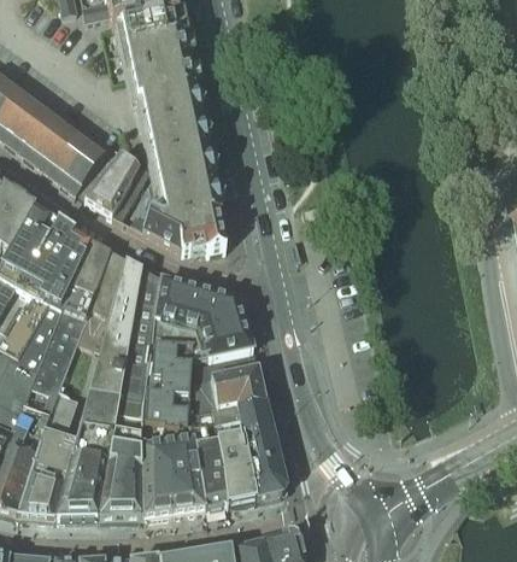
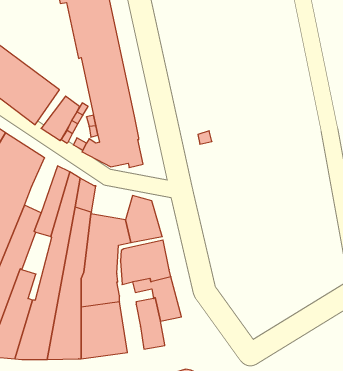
building: [60,238,106,314] -> none
building: [152,276,210,323] -> none
building: [192,427,225,507] -> none
building: [248,457,283,497] -> none

